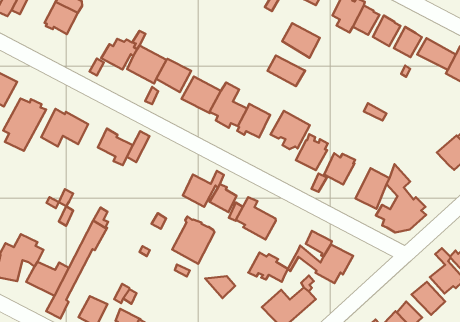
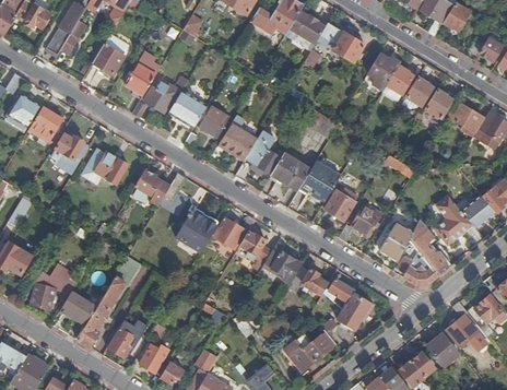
building: none -> [125,63,156,95]
building: [282,23,320,58] -> none
building: none -> [435,196,471,244]
building: [172,217,215,264] -> [176,206,217,252]
building: [248,252,288,282] -> [290,267,328,296]

